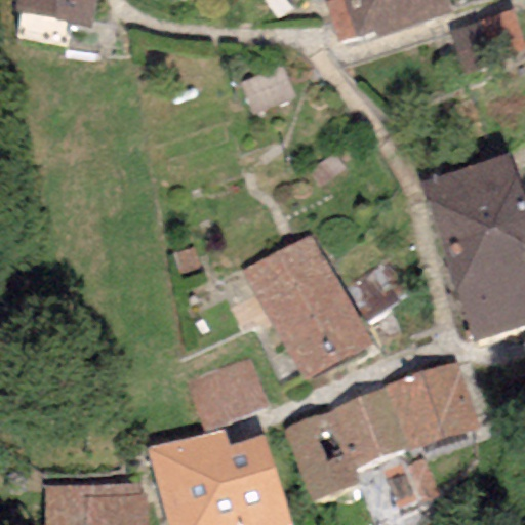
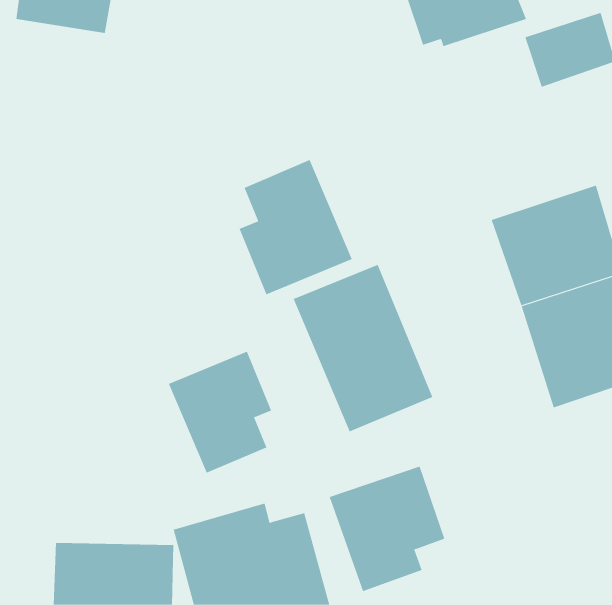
building: none -> [239,159,352,295]
building: none -> [168,351,272,474]
building: [360,360,478,460] -> none

